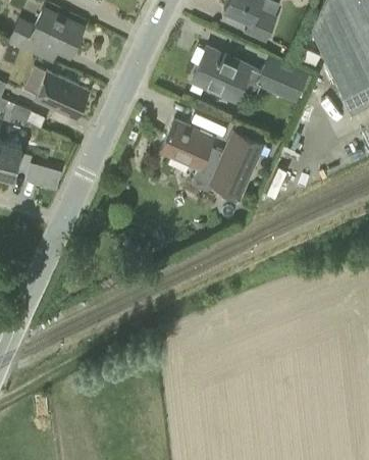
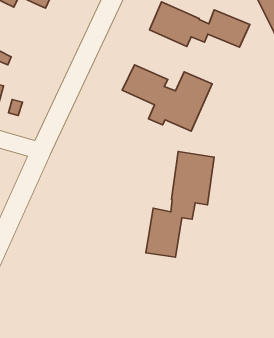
building: [34,71,89,118] -> none
building: none -> [146,152,214,257]

